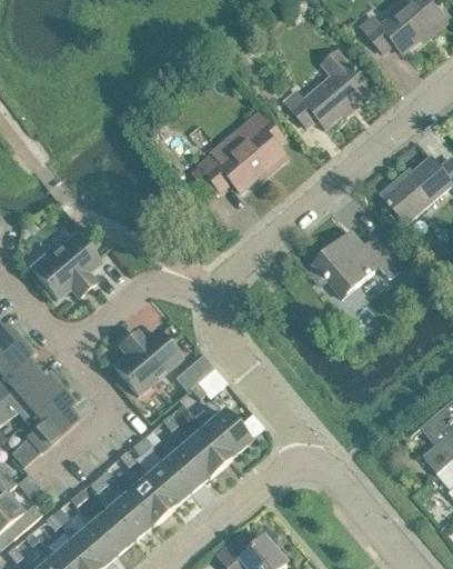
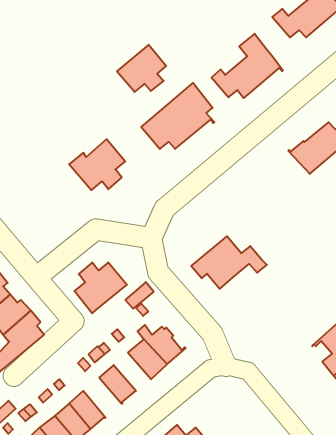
building: none -> [117,45,166,92]
building: [308,231,402,297] -> [191,236,267,289]
building: [29,234,99,298] -> [69,139,125,190]
building: [163,443,210,491] -> none
building: [125,475,173,525] -> none

